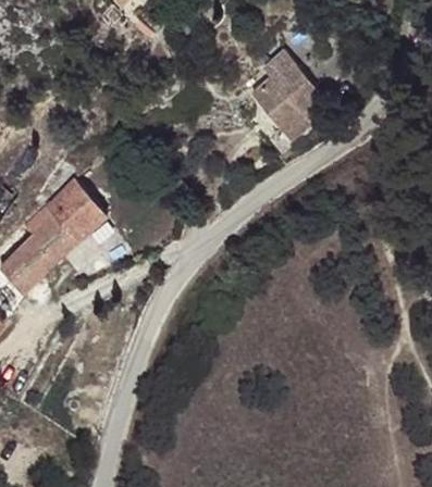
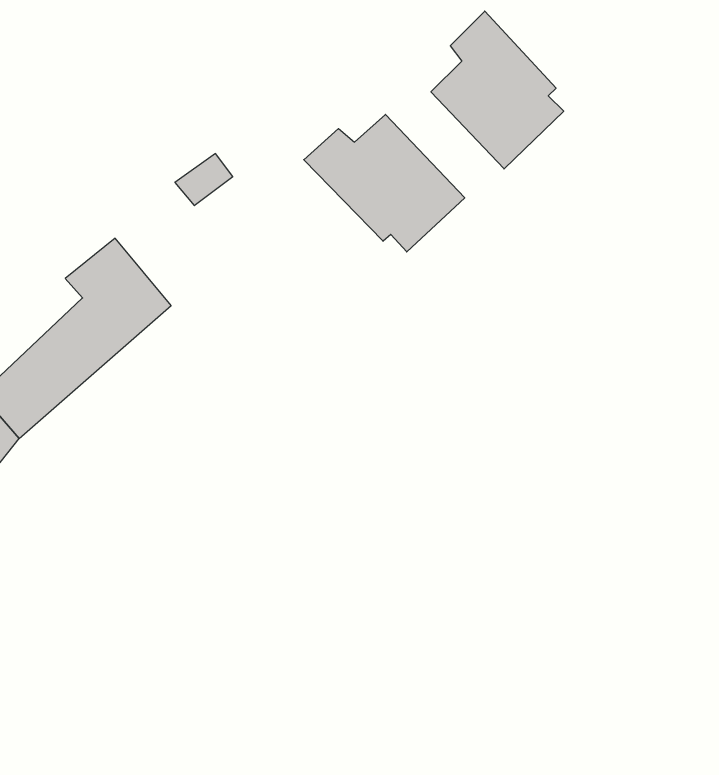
building: none -> [304,114,465,252]

